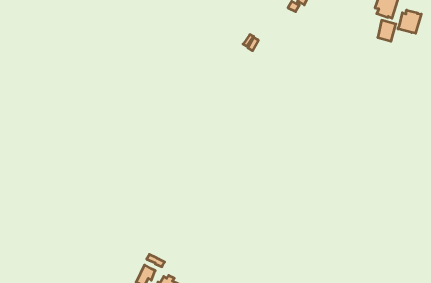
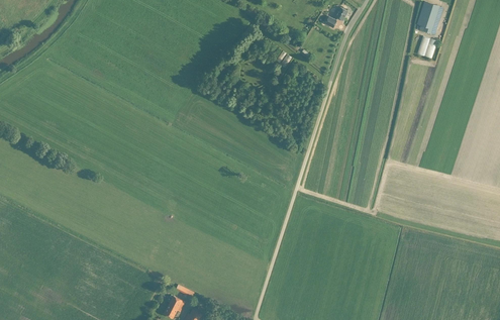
building: [398,10,421,33] -> none

